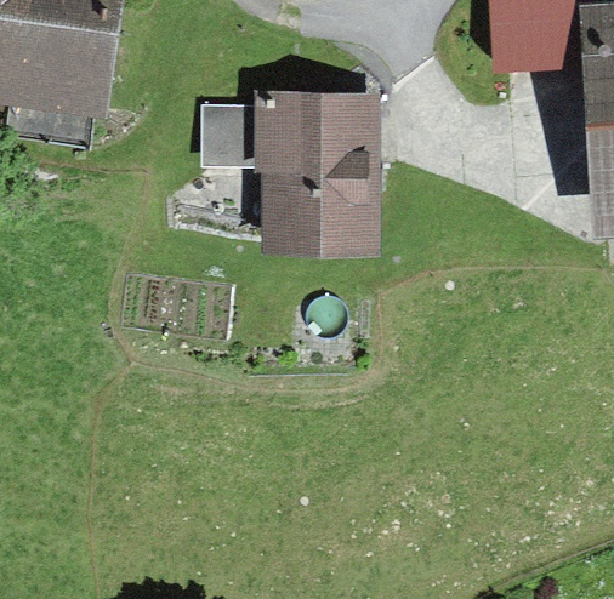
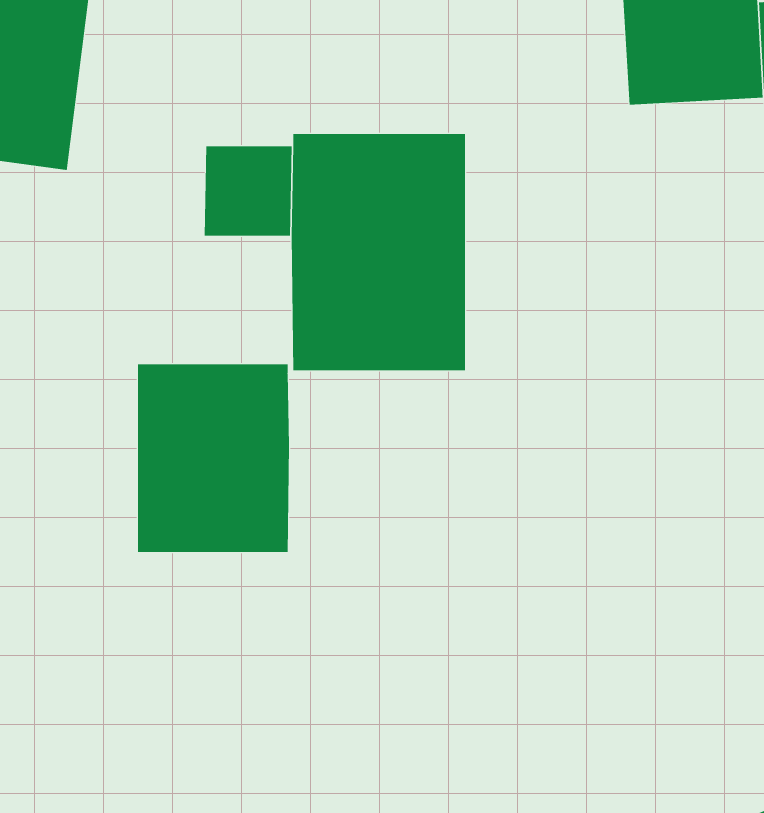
building: none -> [137,363,290,553]

